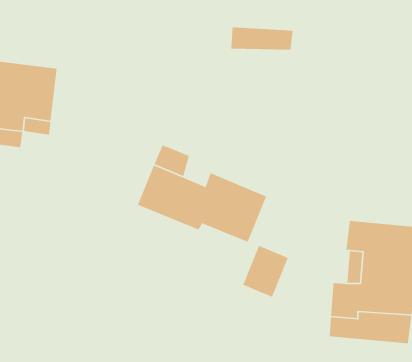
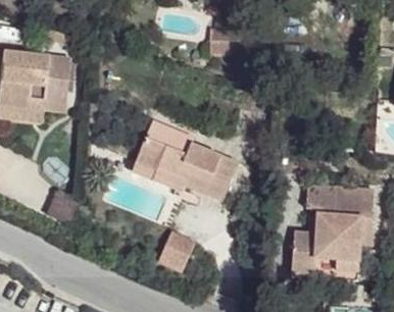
building: [242,245,289,298] -> [157,228,195,271]

